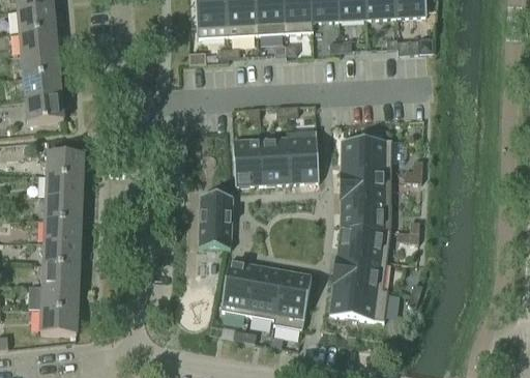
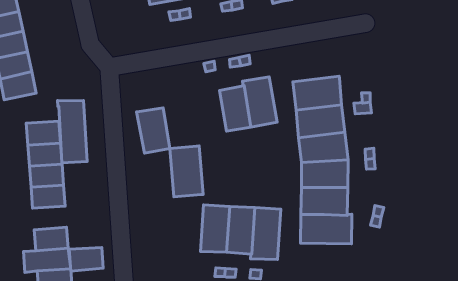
building: none -> [57,101,87,163]
building: [232,139,263,185] -> [137,108,170,153]
building: [43,241,80,266] -> [69,247,103,271]

